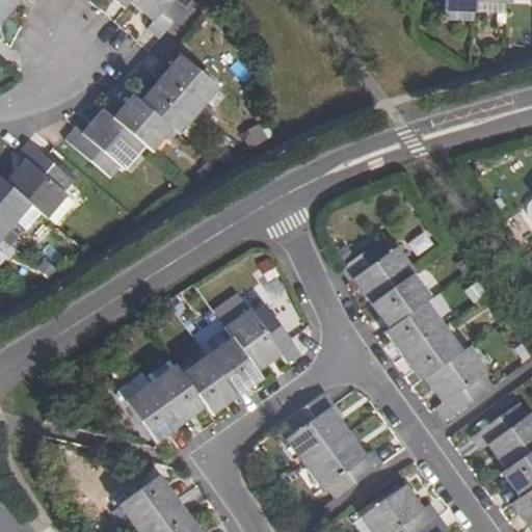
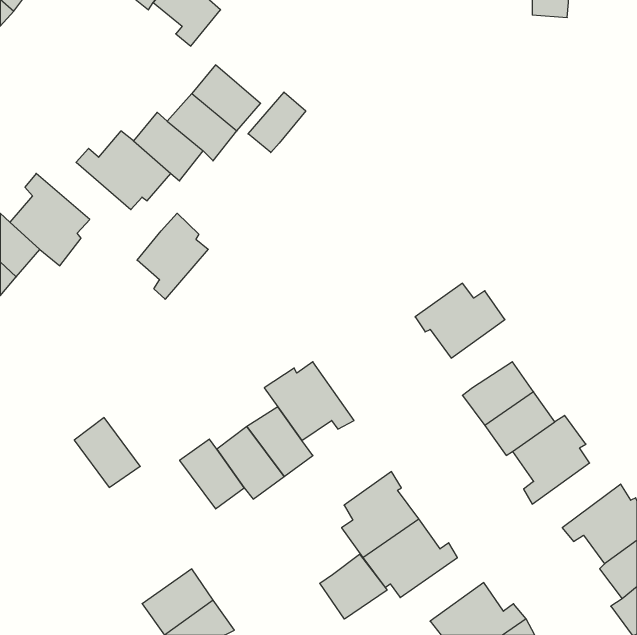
building: none -> [248,92,306,153]
building: none -> [137,213,208,299]
building: [376,266,438,323] -> none
building: [125,383,180,442] -> [74,418,140,487]
building: none -> [320,554,387,619]

